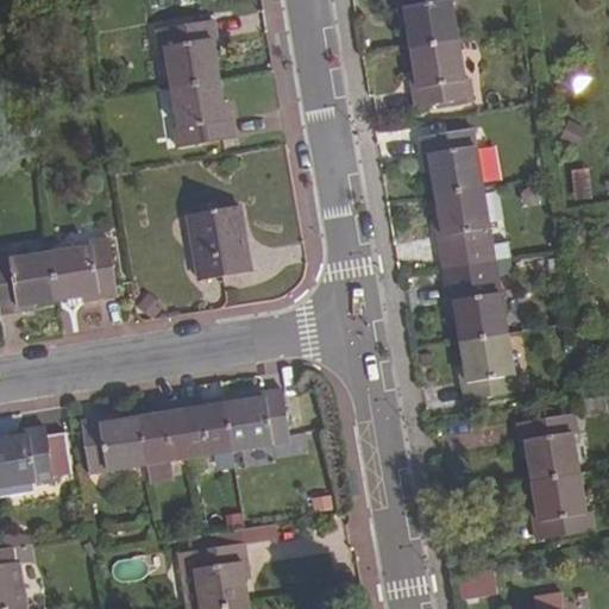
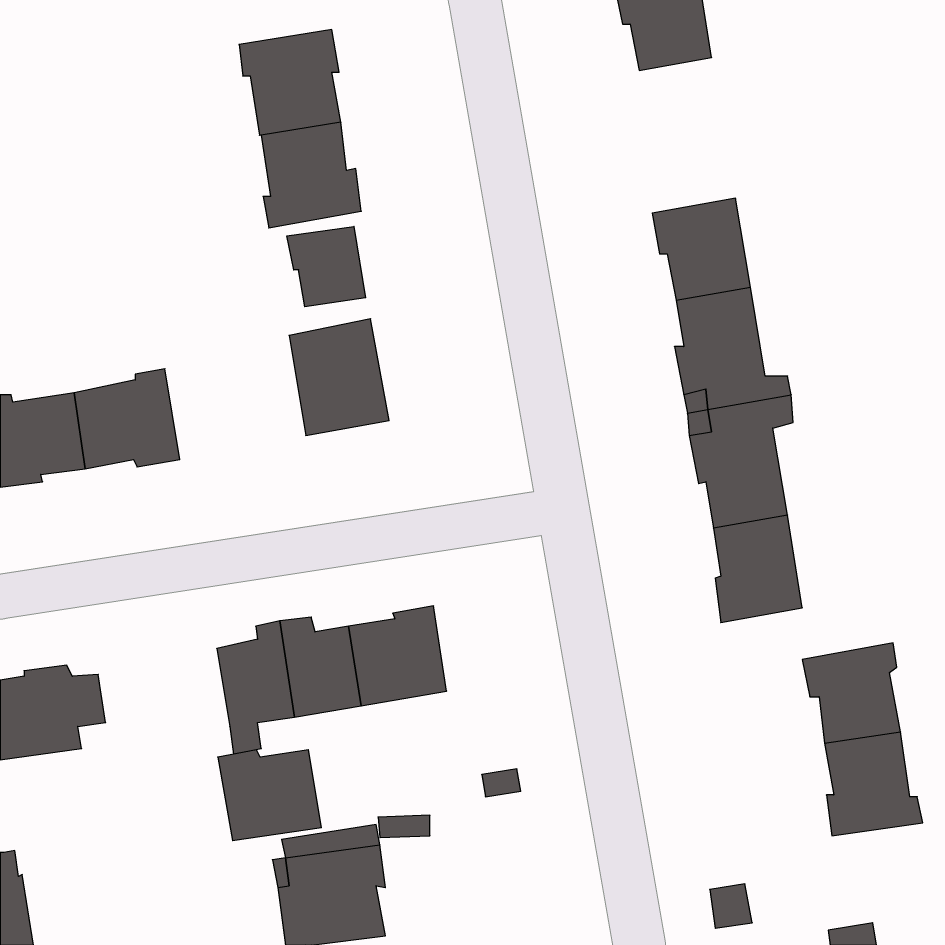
building: [412,37,472,105] -> none
building: none -> [287,226,366,307]
building: [82,416,149,475] -> [218,750,321,841]

